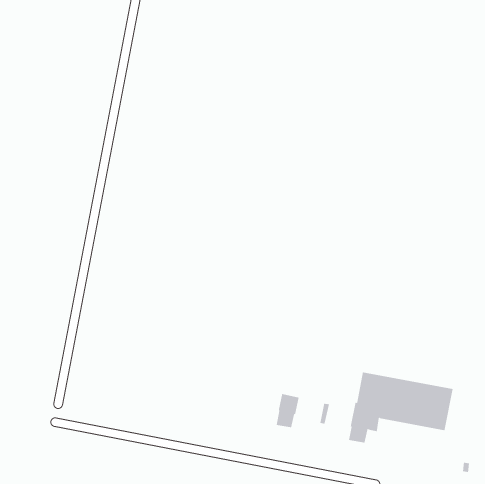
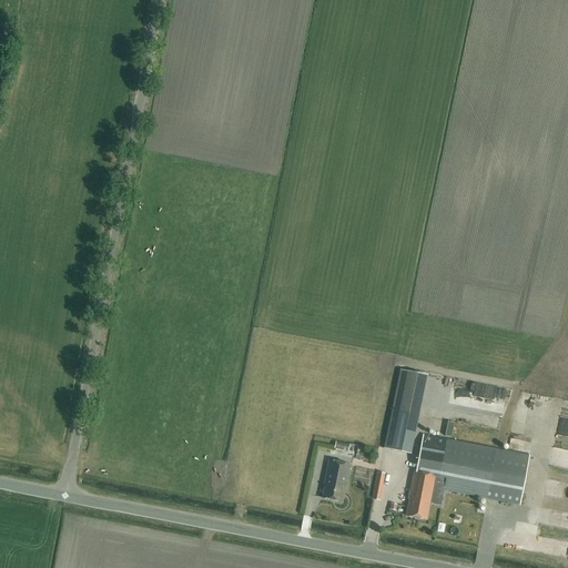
building: none -> [385,368,426,452]

